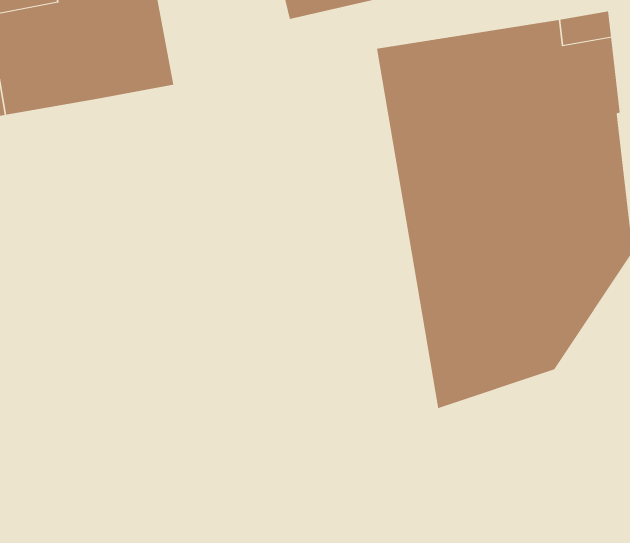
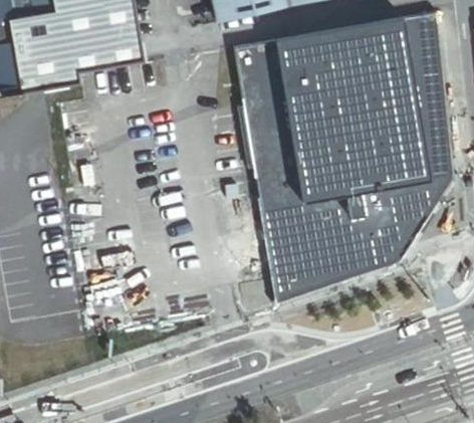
building: none -> [234,38,317,301]

